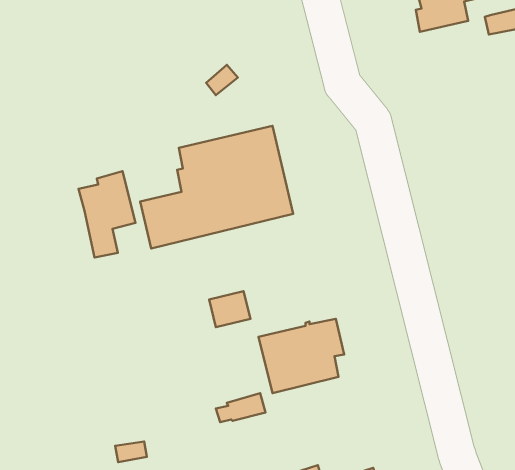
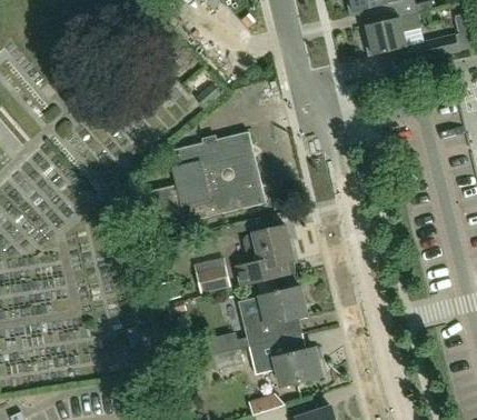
building: [78,171,135,257] -> none
building: none -> [237,224,294,286]
building: none -> [248,333,320,386]

